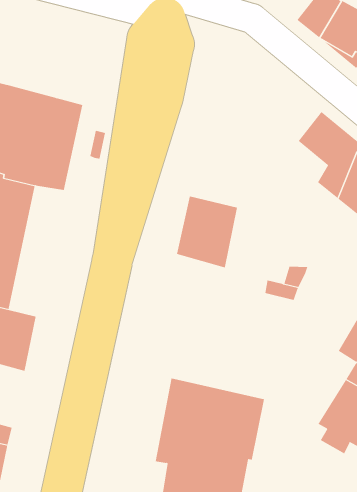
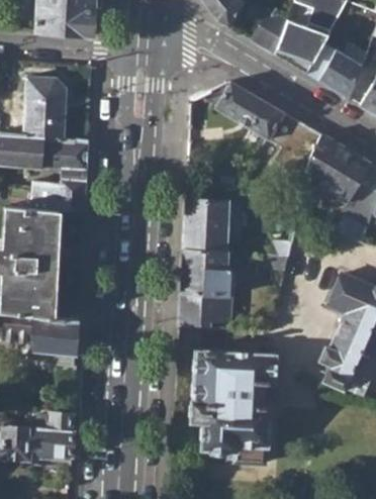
building: none -> [26,73,67,135]
building: none -> [216,81,283,138]
building: none -> [179,247,233,326]

